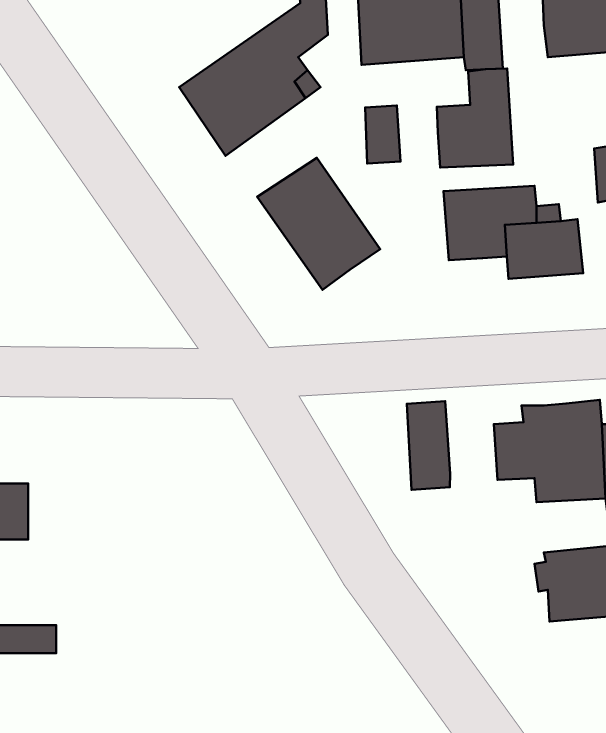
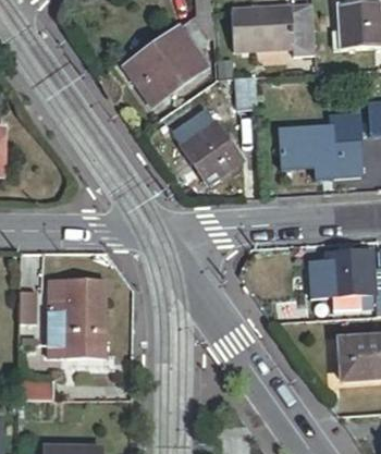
building: [437,69,513,167] -> none
building: [407,401,450,490] -> none
building: none -> [47,277,103,352]

